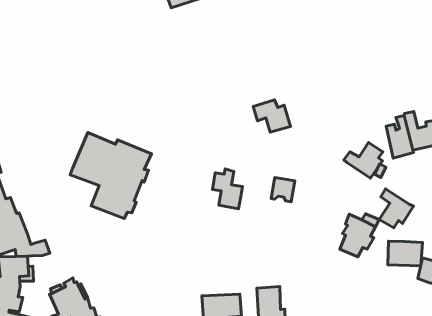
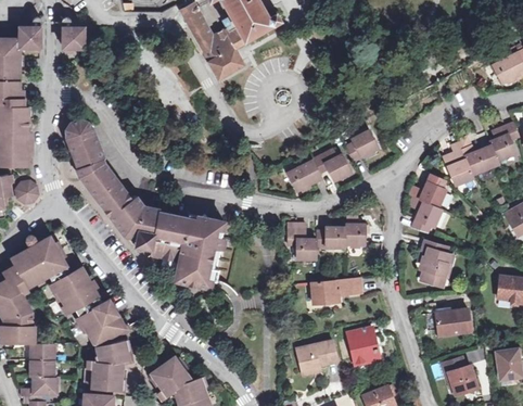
building: none -> [66,118,160,249]
building: none -> [345,130,378,162]
building: none -> [288,160,321,191]
building: none -> [316,227,345,248]
building: [379,189,413,228] -> [408,198,441,233]
building: none -> [310,278,361,304]
building: [388,241,423,266] -> [435,308,470,335]

